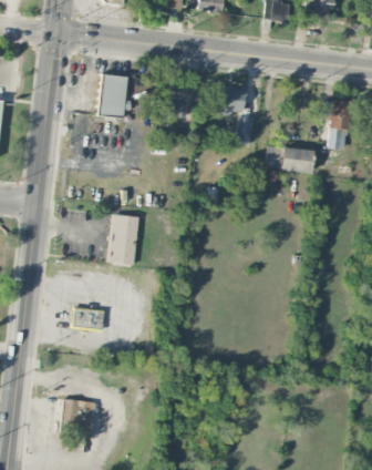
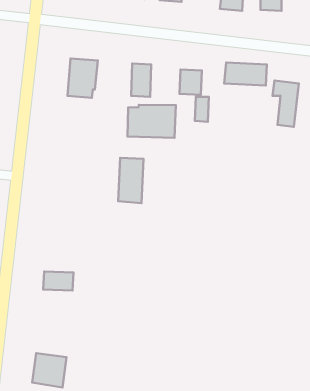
building: none -> [127,105,176,138]
building: [266,146,312,172] -> [224,62,267,86]
building: [110,215,137,265] -> [118,158,143,203]

